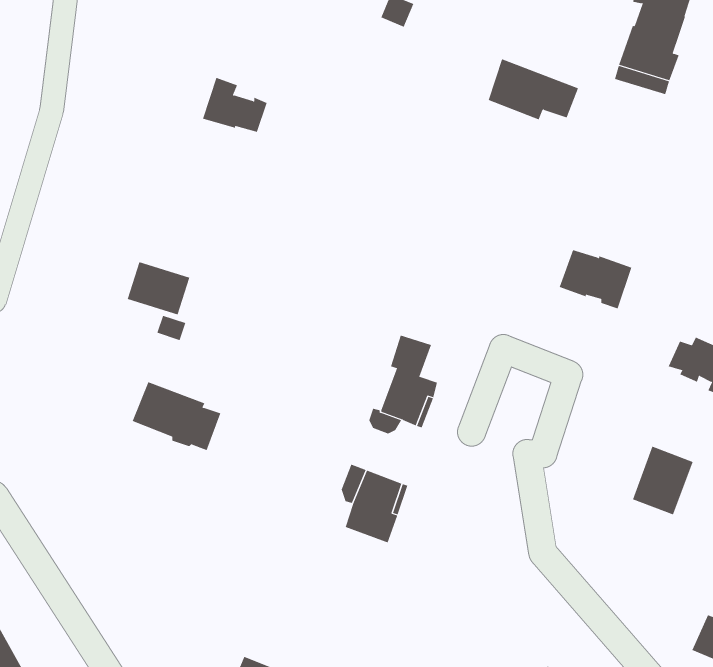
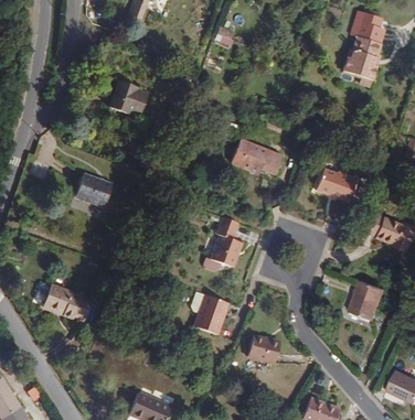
building: [488,59,579,120] -> [227,139,278,173]
building: [132,381,221,451] -> [36,284,86,323]
building: none -> [249,340,283,369]

